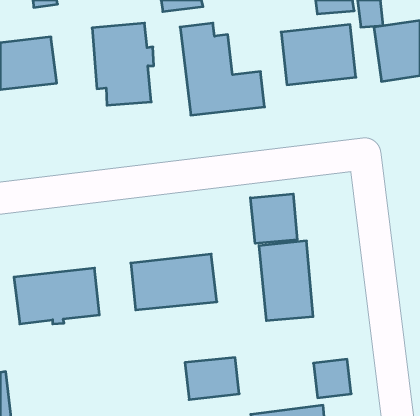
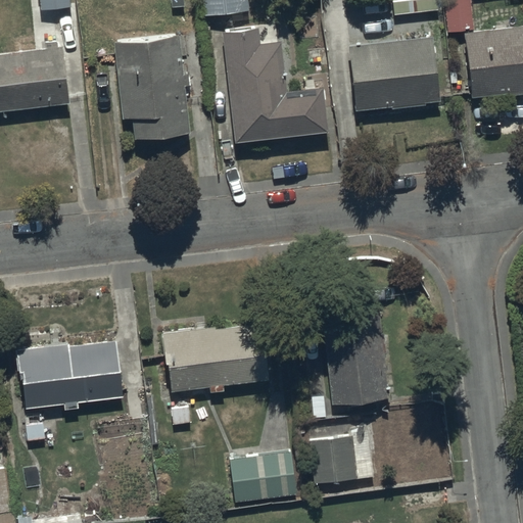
building: [250,194,297,243] -> none
building: [313,359,351,398] -> [310,435,356,483]

